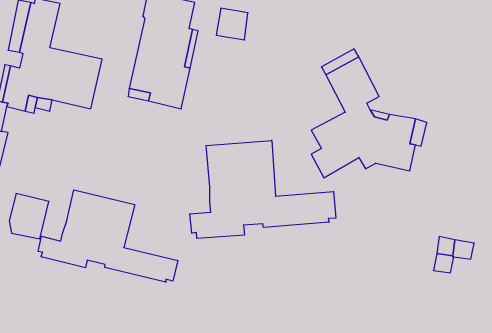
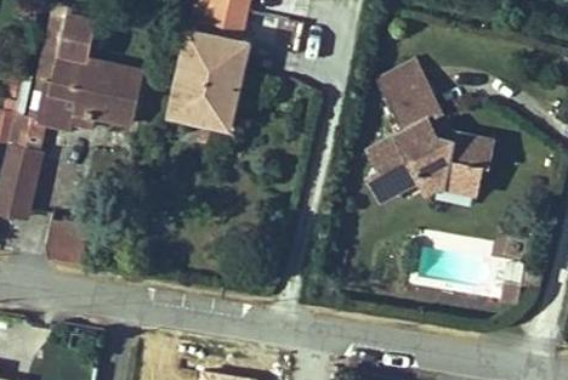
building: [190,140,336,238] -> none
building: [38,190,178,282] -> none

